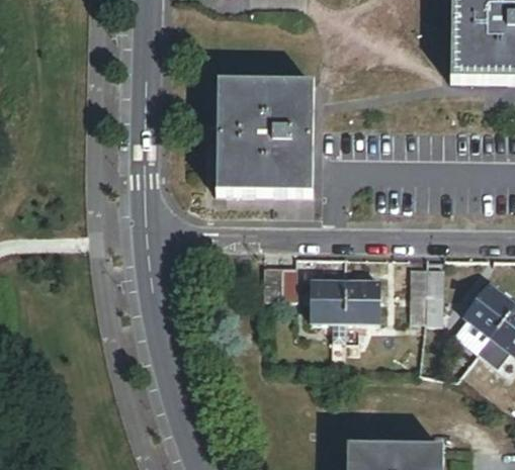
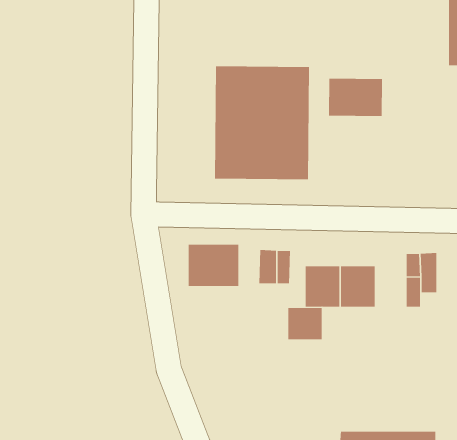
building: none -> [329,78,382,117]
building: none -> [188,244,239,287]
building: none -> [288,307,322,340]

